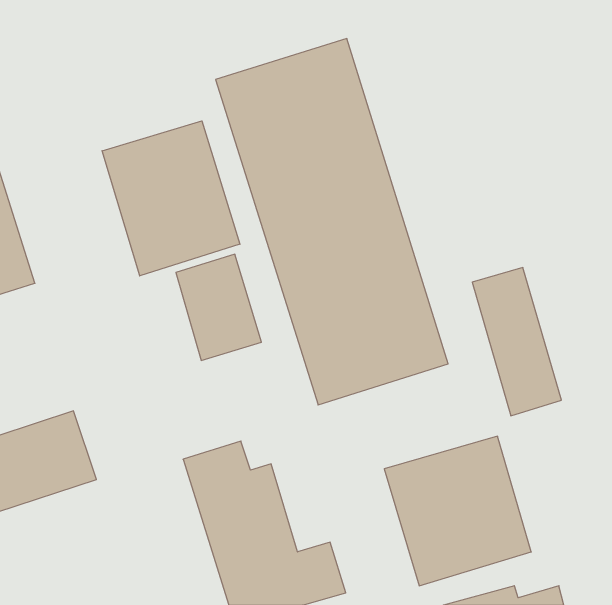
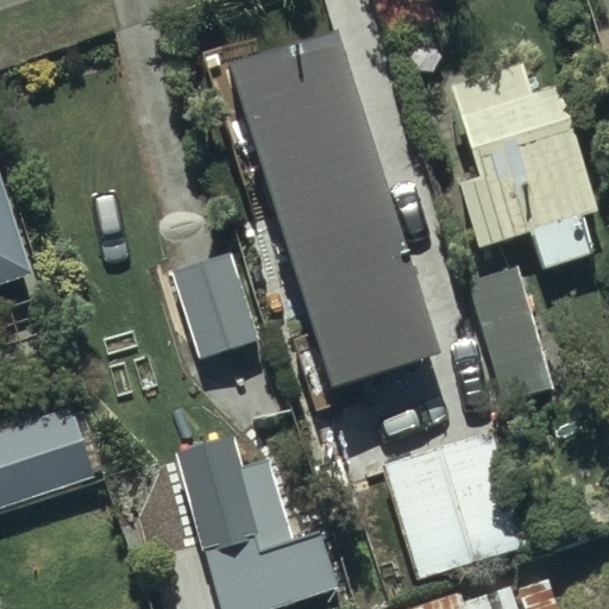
building: none -> [454,64,597,268]
building: [102,121,240,276] -> none

